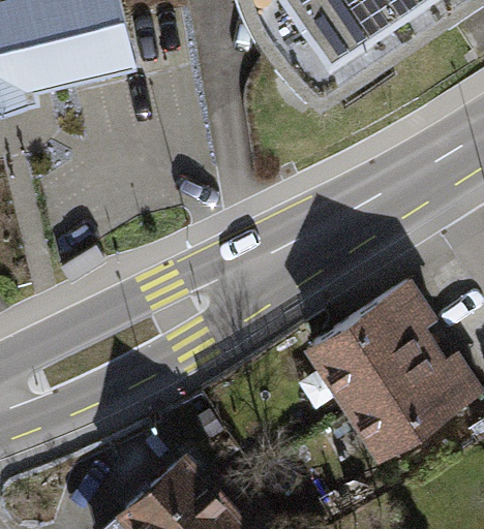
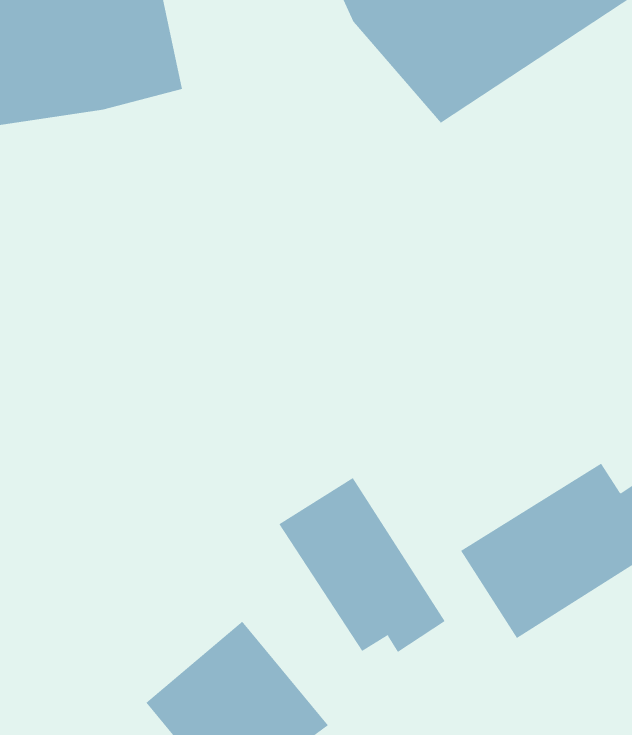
building: [299,271,438,399] -> none
building: none -> [279,477,446,653]

